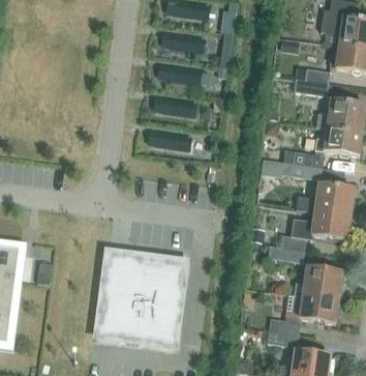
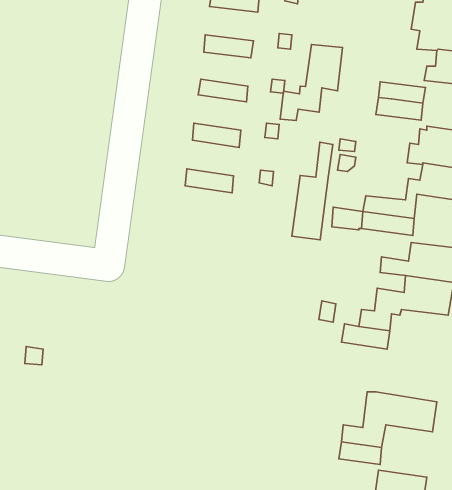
building: none -> [280,45,343,121]
building: none -> [292,142,333,240]
building: [97,255,184,345] -> none
building: [294,267,342,301] -> none

